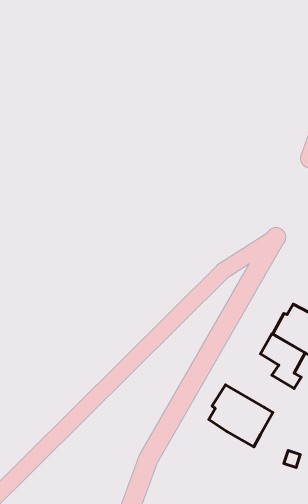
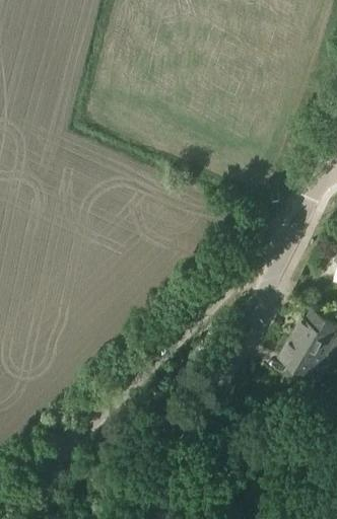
building: [209,385,273,447] -> none

